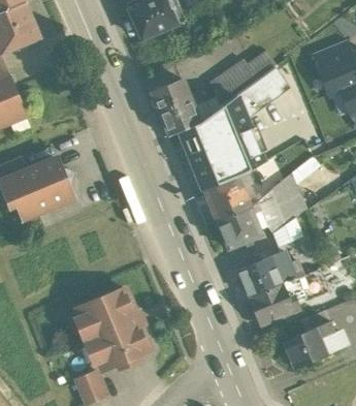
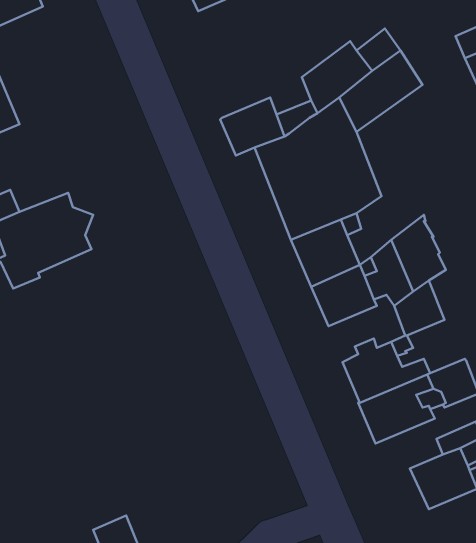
building: [151,80,190,110] -> none
building: [73,289,148,370] -> none

